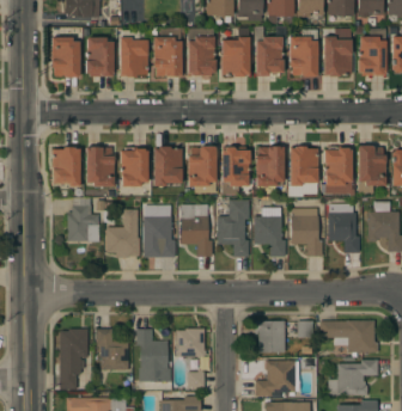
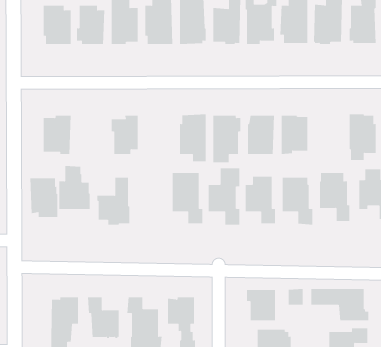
building: [323,146,354,196] -> none
building: [85,147,114,186] -> [30,178,58,217]
building: [154,147,182,186] -> none
building: [144,205,175,257] -> none

